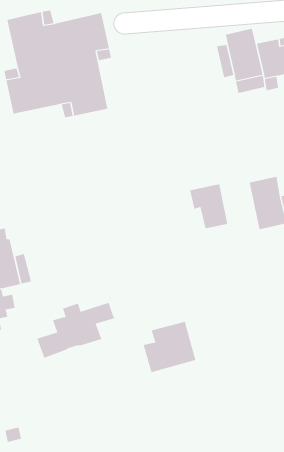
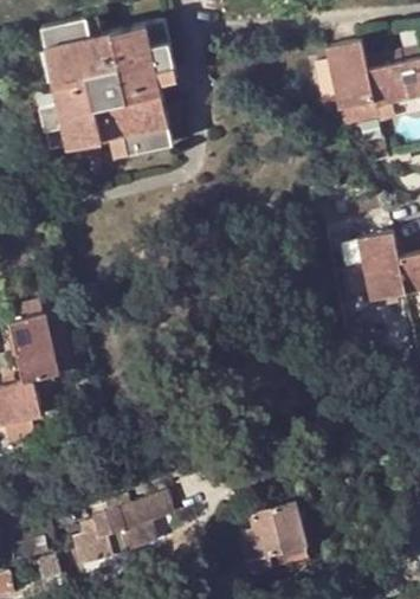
building: [190,184,228,229] -> none
building: [37,302,115,358] -> [72,494,174,567]
building: [143,321,196,373] -> [239,503,309,571]

